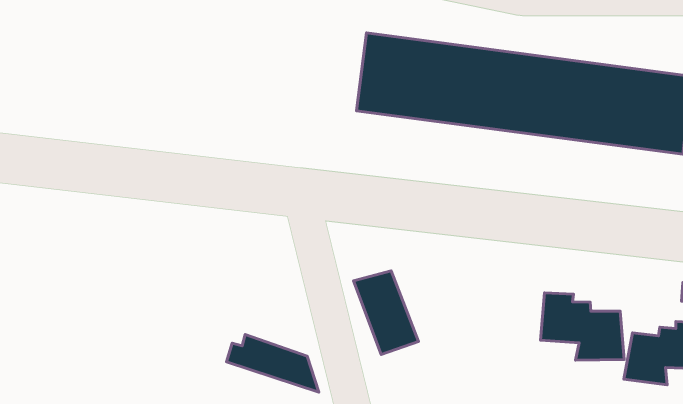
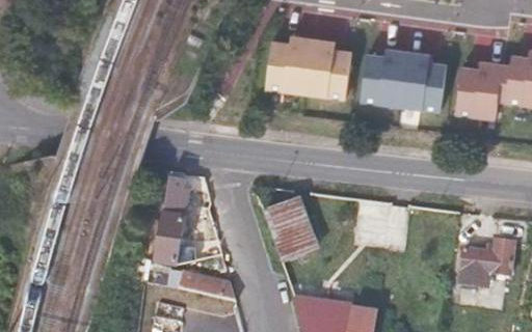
building: none -> [158,170,197,245]
building: [541,293,624,360] -> none

